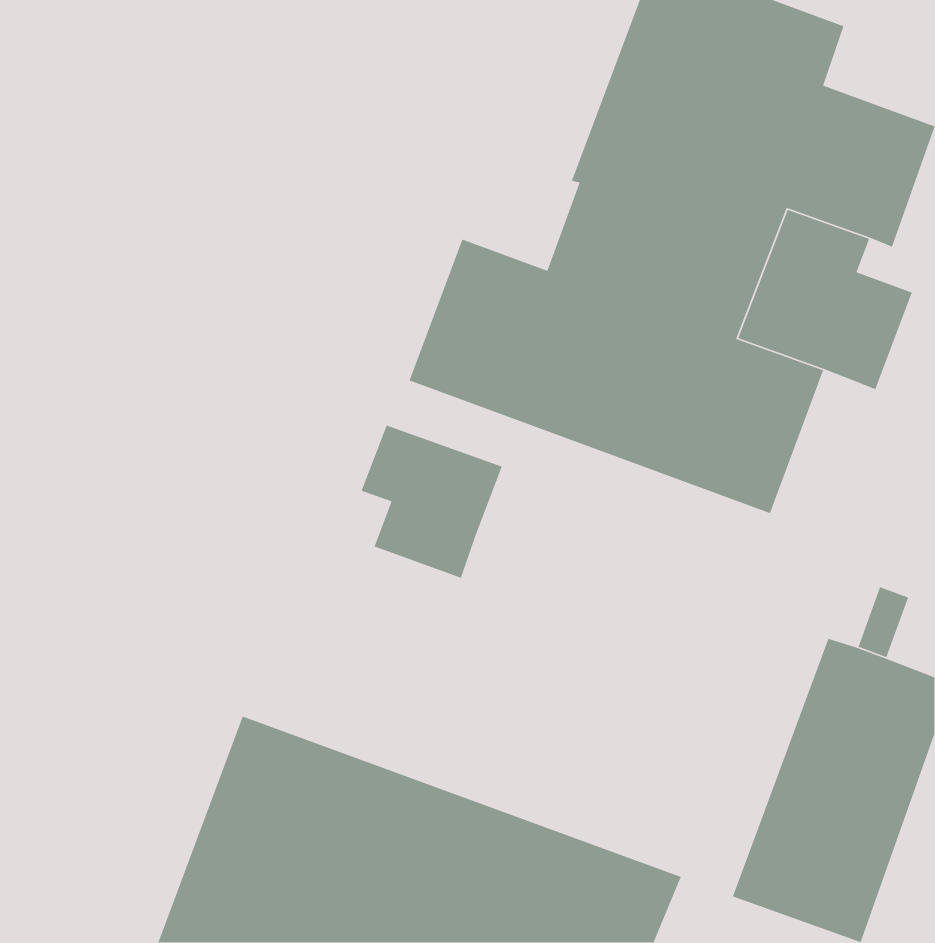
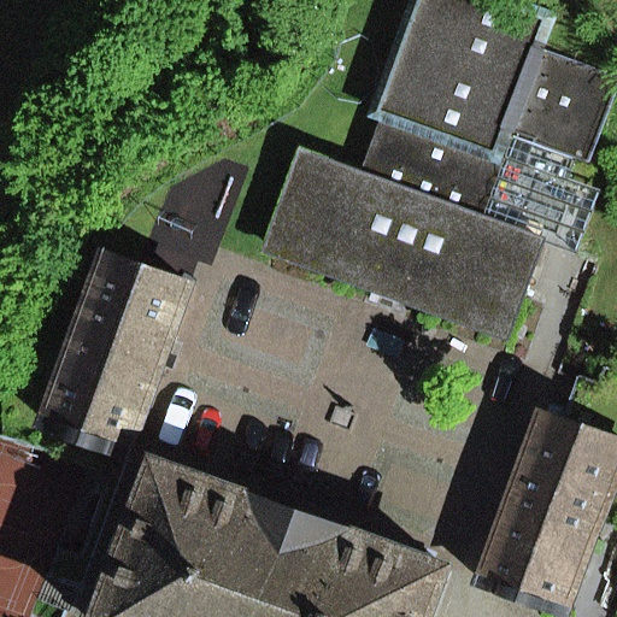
building: none -> [42,255,187,454]
building: [360,424,503,579] -> none

